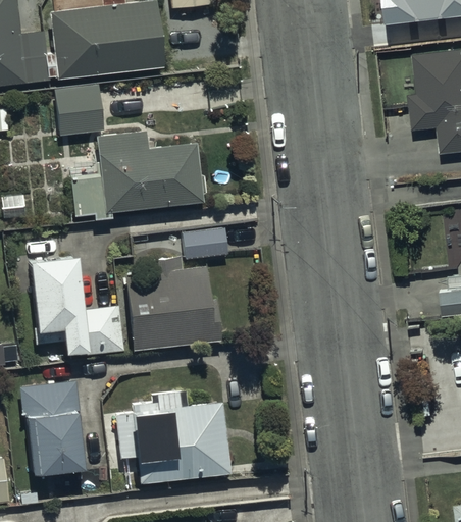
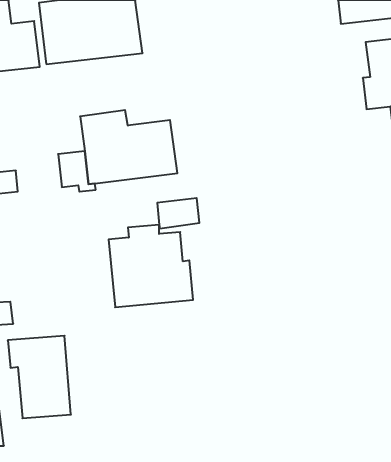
building: [54,85,104,138] -> none
building: [28,253,126,361] -> none
building: [111,389,233,483] -> none

